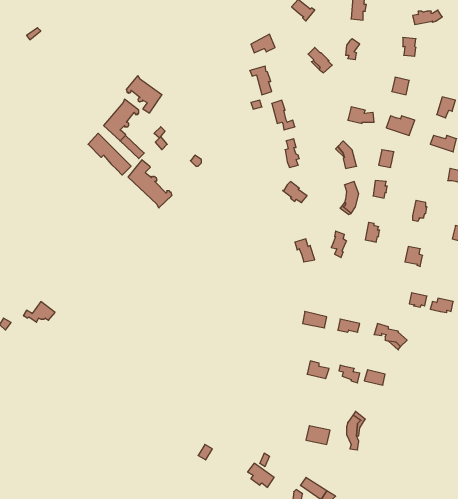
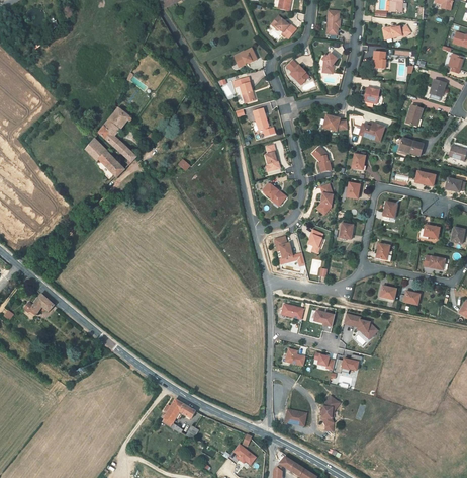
building: [127,76,162,113] -> none
building: [128,160,172,208] -> none
building: none -> [163,398,196,432]

